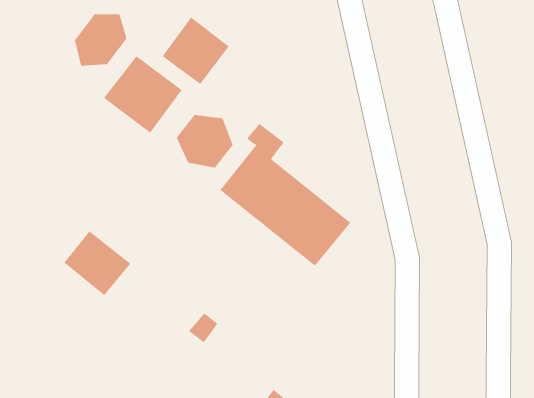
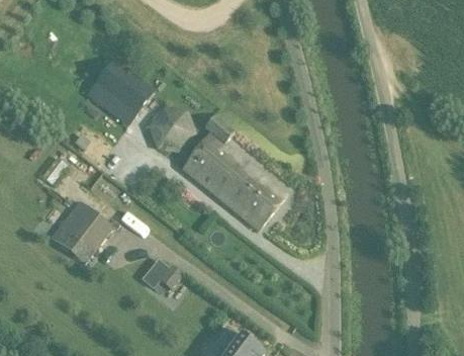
building: [74,13,127,66] -> none
building: [162,17,229,85] -> none

